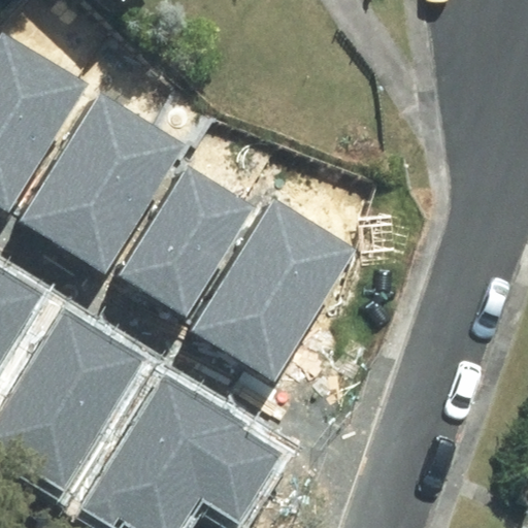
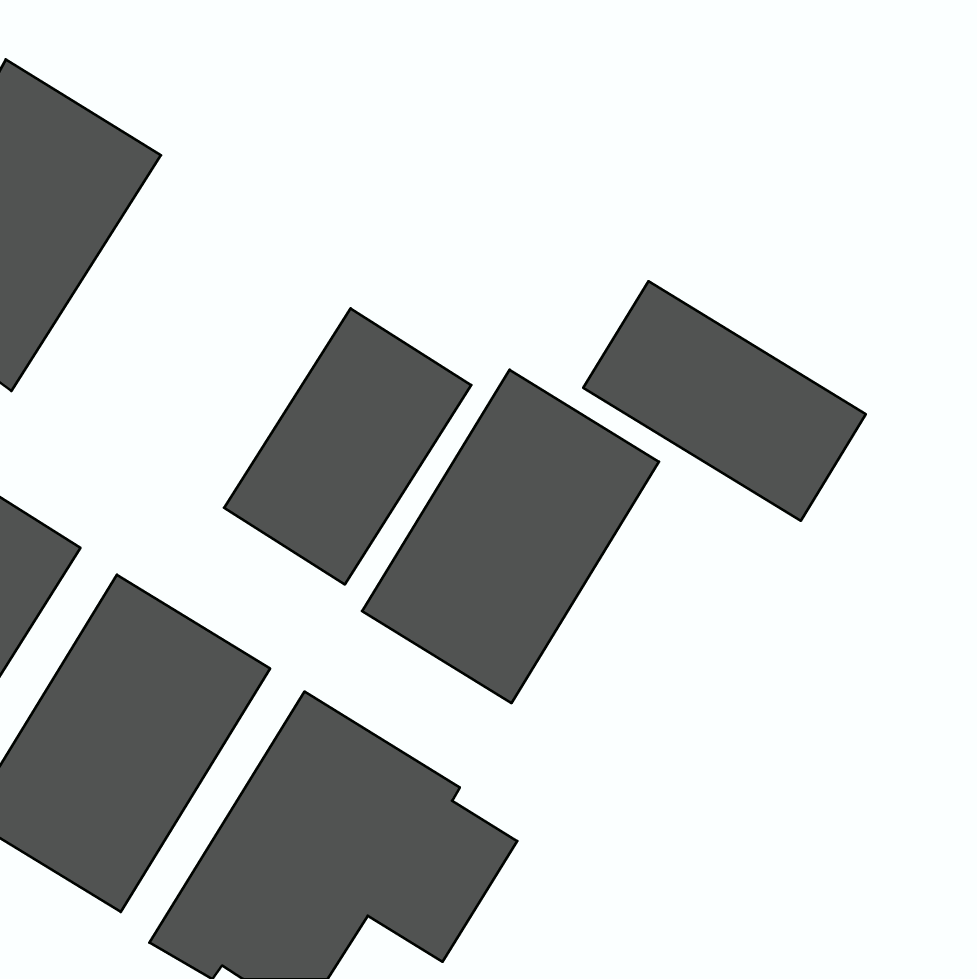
building: [19,94,182,272] -> none
building: none -> [583,281,866,521]

